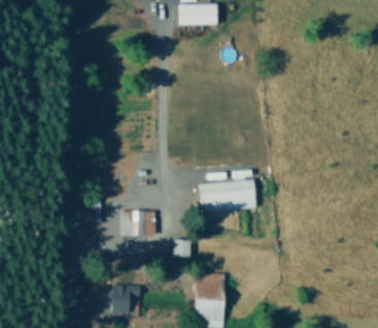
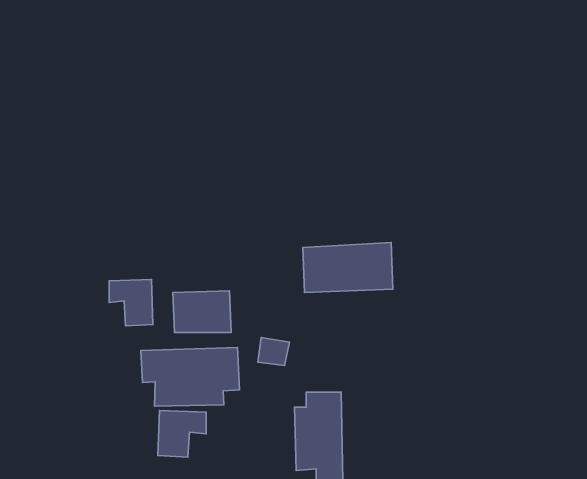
building: none -> [109,280,153,326]
building: none -> [141,348,240,406]

